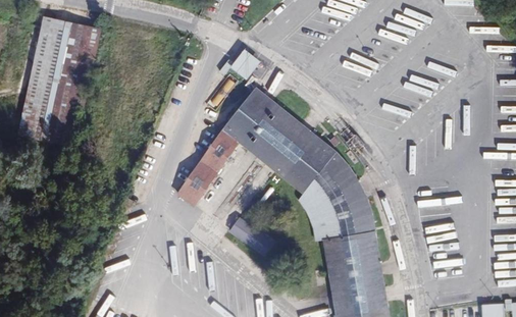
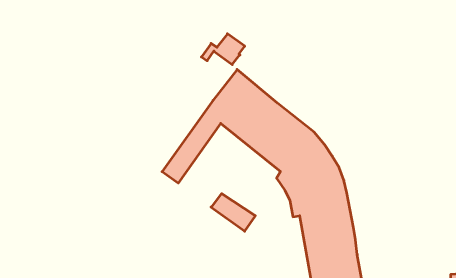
building: [18,16,94,145] -> none

